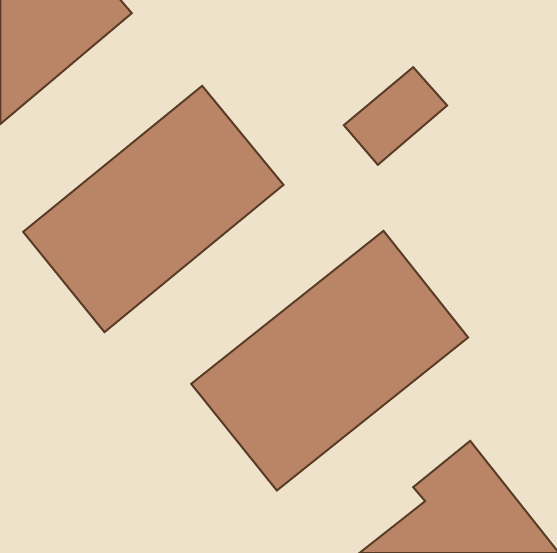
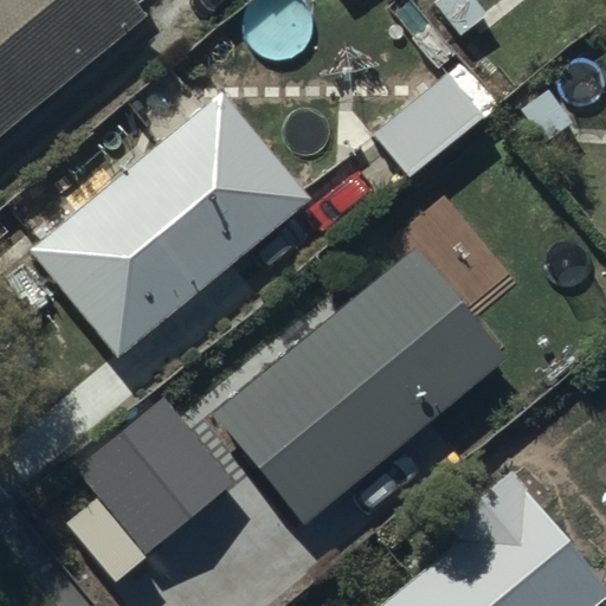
building: none -> [77,389,237,548]

